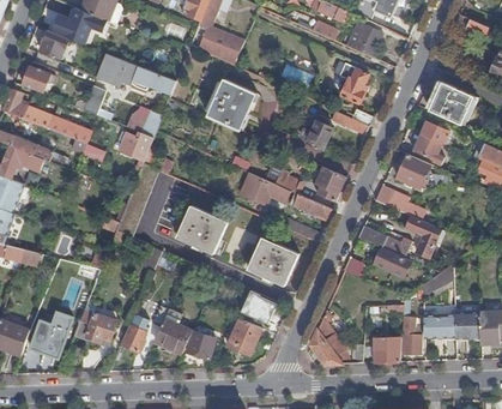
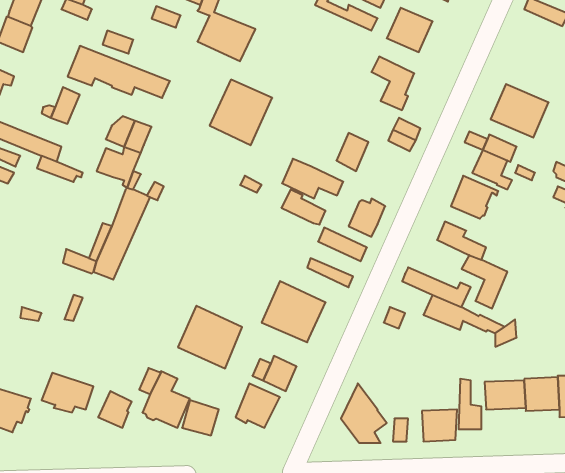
building: [241,173,289,204] -> [282,159,343,198]
building: [176,204,226,253] -> [178,306,242,368]

